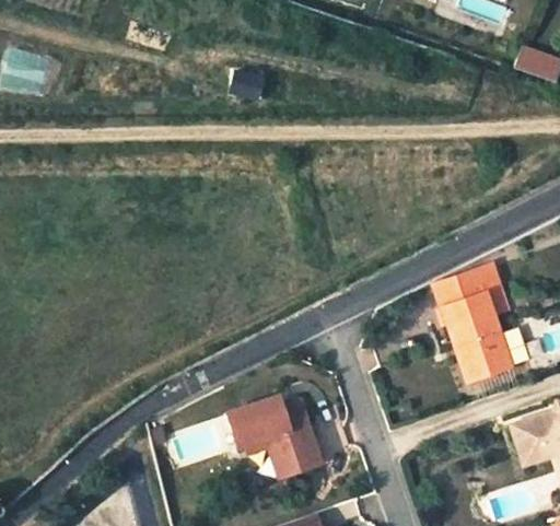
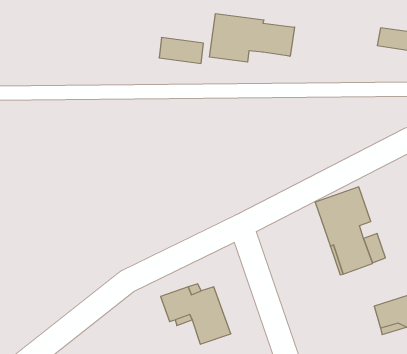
building: none -> [210,14,295,62]

